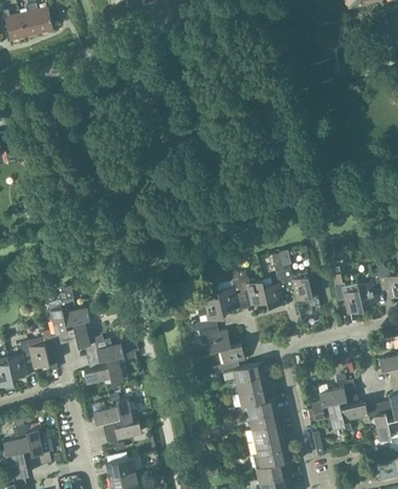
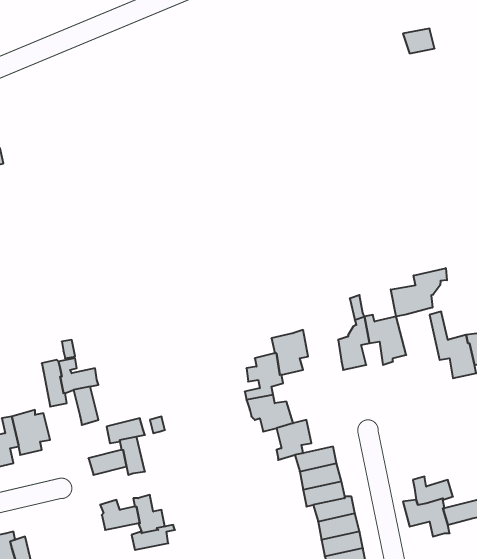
building: none -> [391,268,447,317]
building: [236,270,267,306] -> none

